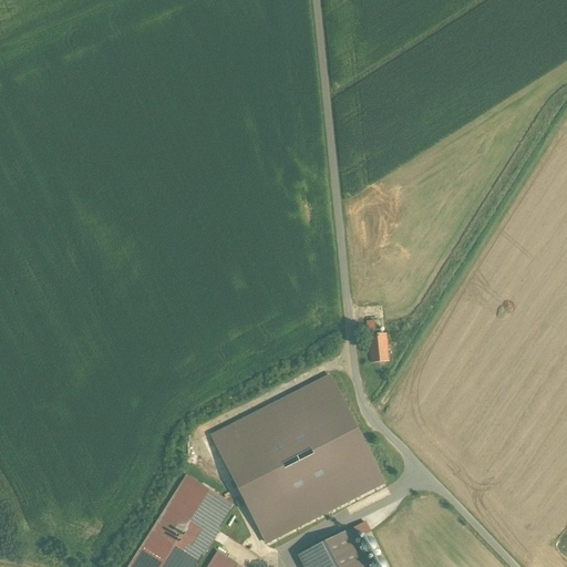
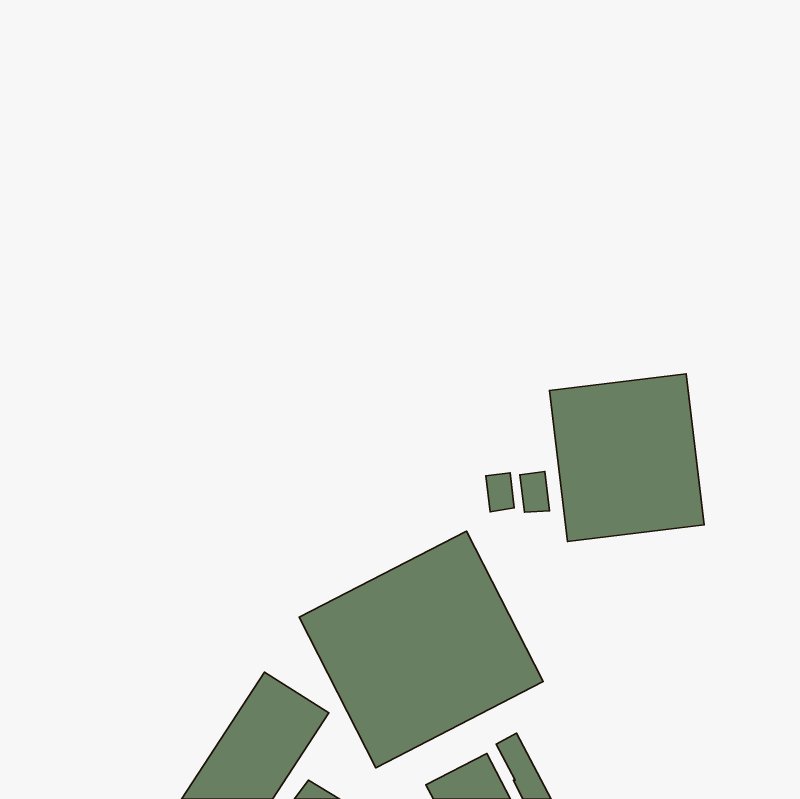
building: none -> [549,374,704,542]
building: none -> [486,473,514,512]

